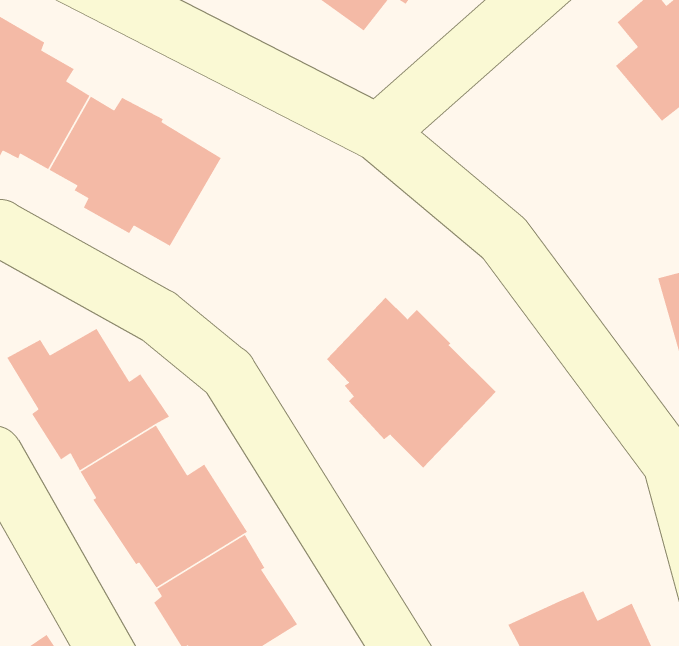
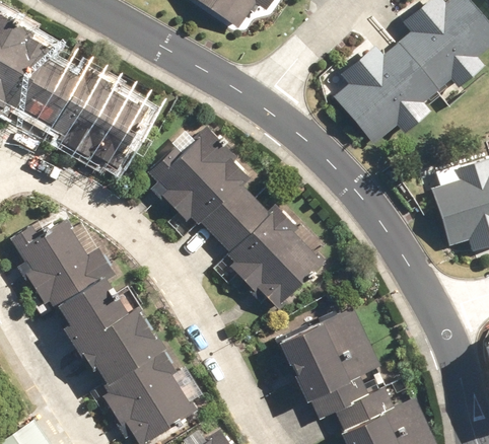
building: none -> [337,46,434,144]
building: none -> [147,128,255,238]
building: none -> [278,308,380,420]

